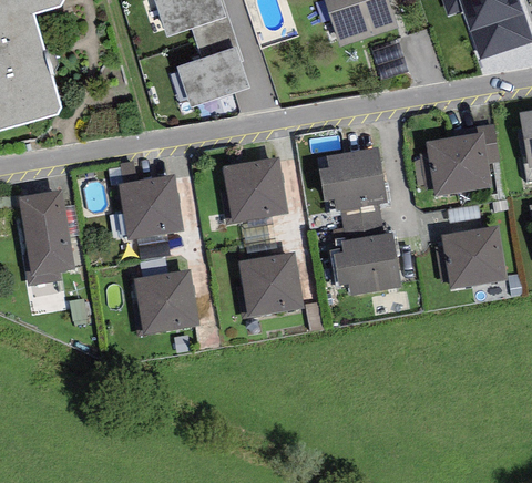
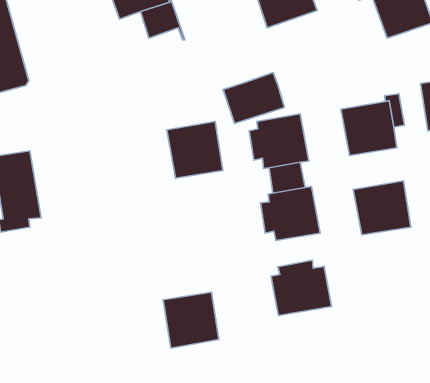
building: [176,47,248,106] -> [223,73,285,124]
building: [119,174,182,239] -> none
building: [237,251,303,317] -> [163,292,219,348]
building: [134,270,197,333] -> none
building: none -> [271,260,332,316]

